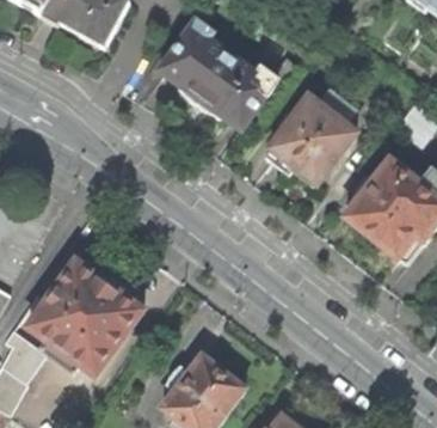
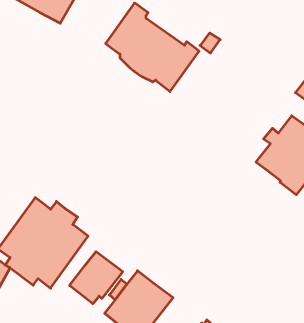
building: [265,91,358,183] -> none
building: none -> [70,252,123,304]

